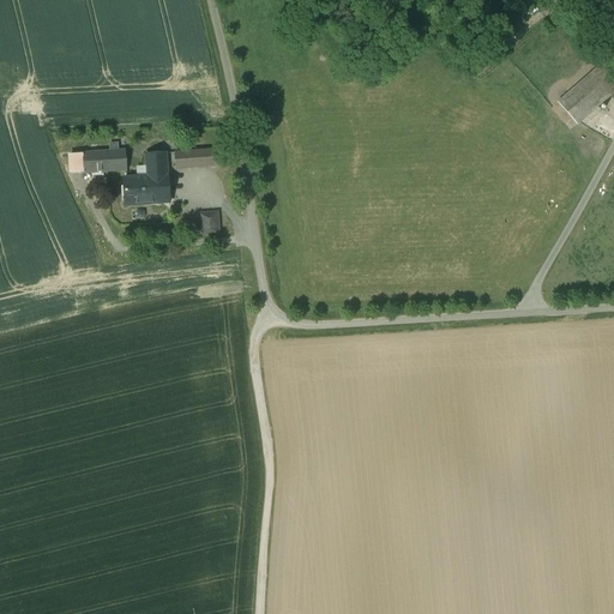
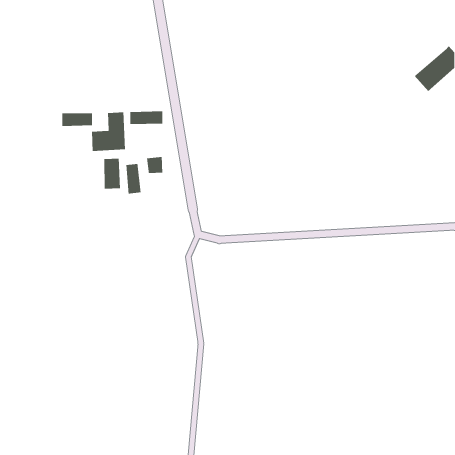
building: none -> [103,158,121,190]
building: none -> [125,163,141,194]

